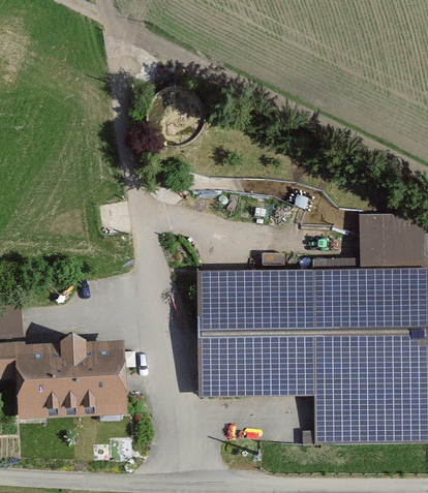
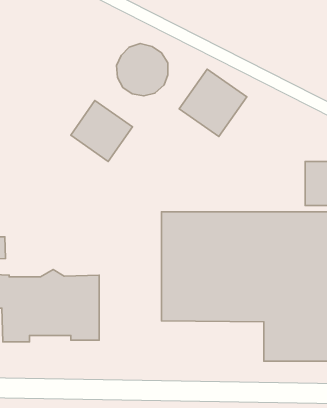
building: none -> [179,69,247,137]
building: none -> [71,101,133,162]

